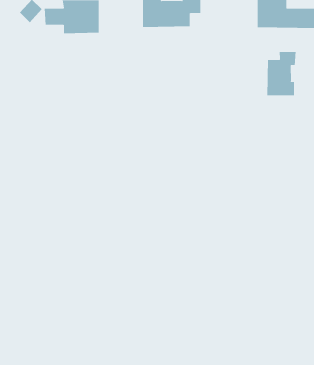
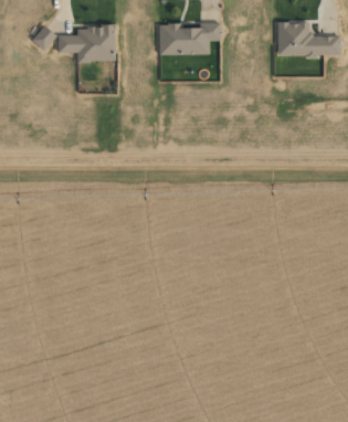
building: [267,51,296,96] -> none

